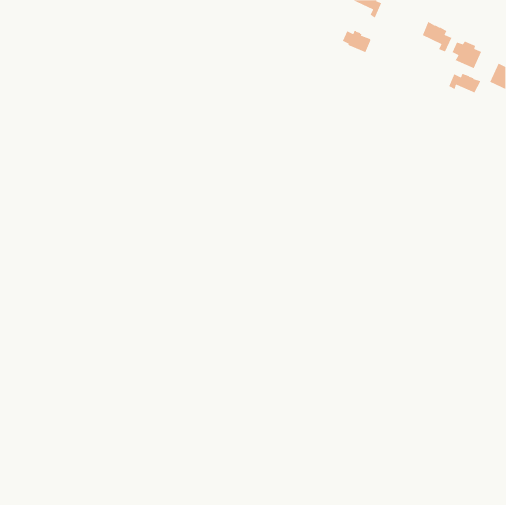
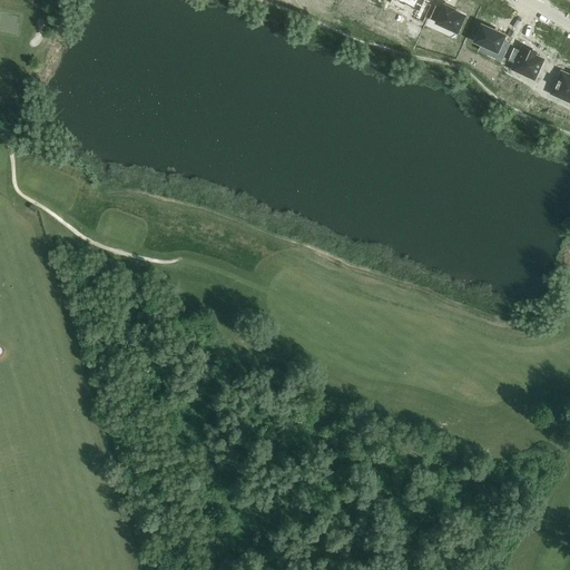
building: [342,30,372,53] -> [430,4,463,30]
building: [448,73,481,93] -> none

